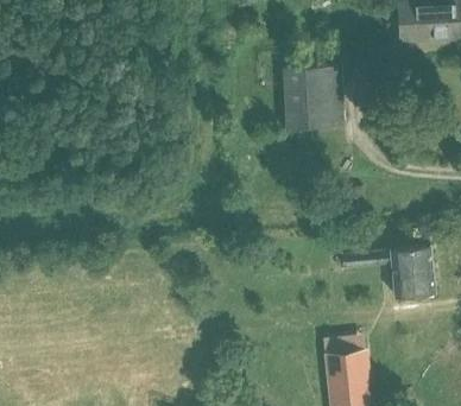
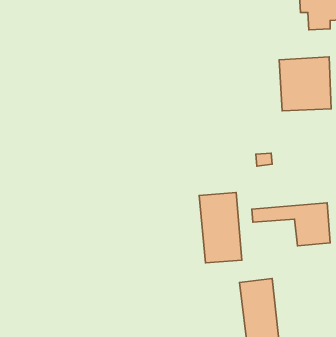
building: [283,65,343,128] -> [279,57,331,111]
building: none -> [199,193,242,263]

